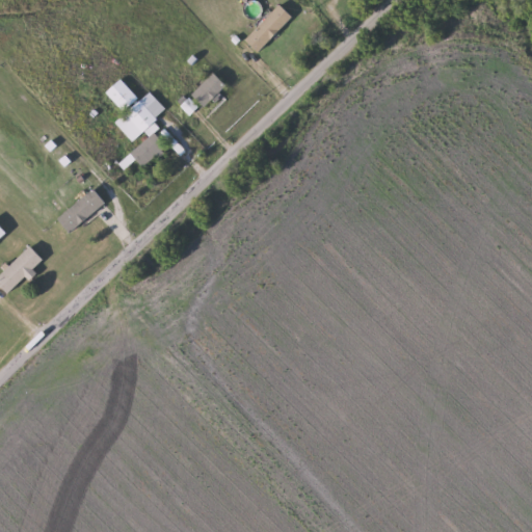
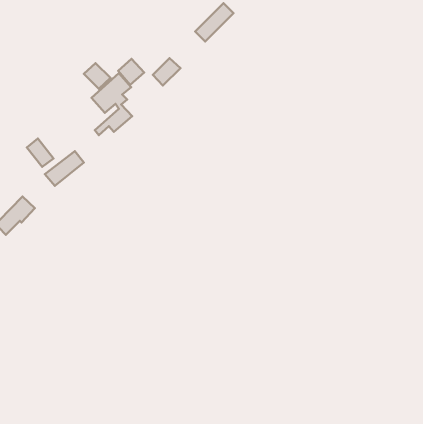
building: none -> [118,59,144,85]
building: none -> [27,138,54,167]

